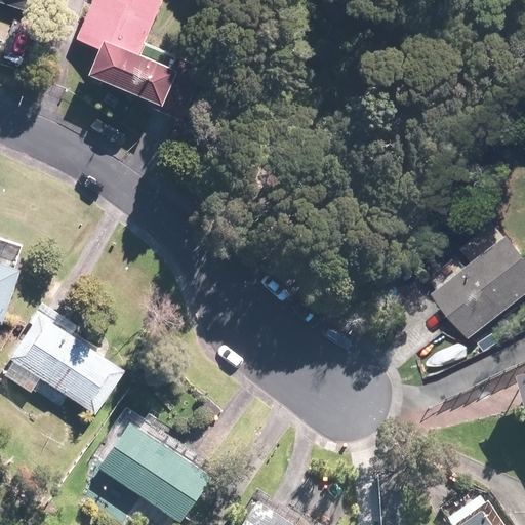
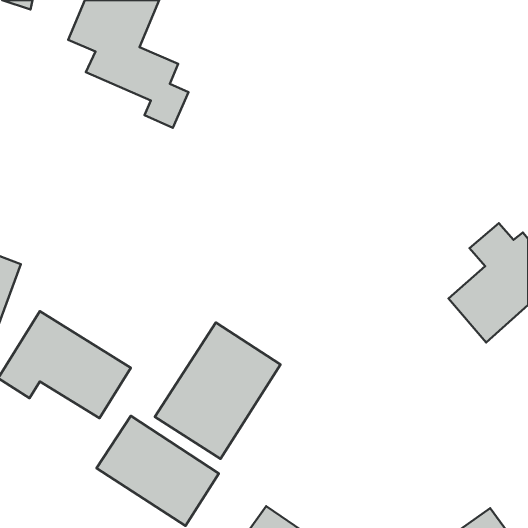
building: none -> [155,323,280,459]

